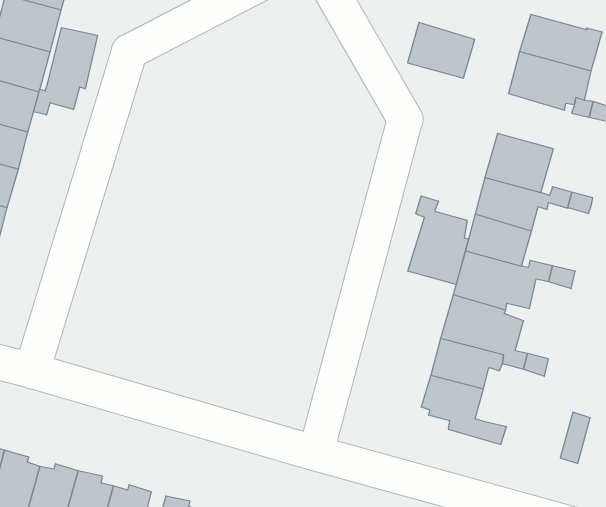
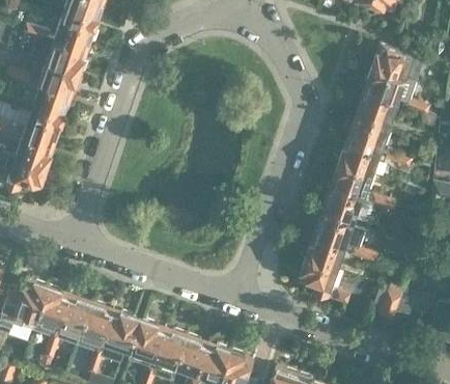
building: [408,23,475,78] -> [357,91,398,127]
building: [34,28,97,115] -> none
building: [408,196,468,284] -> none

